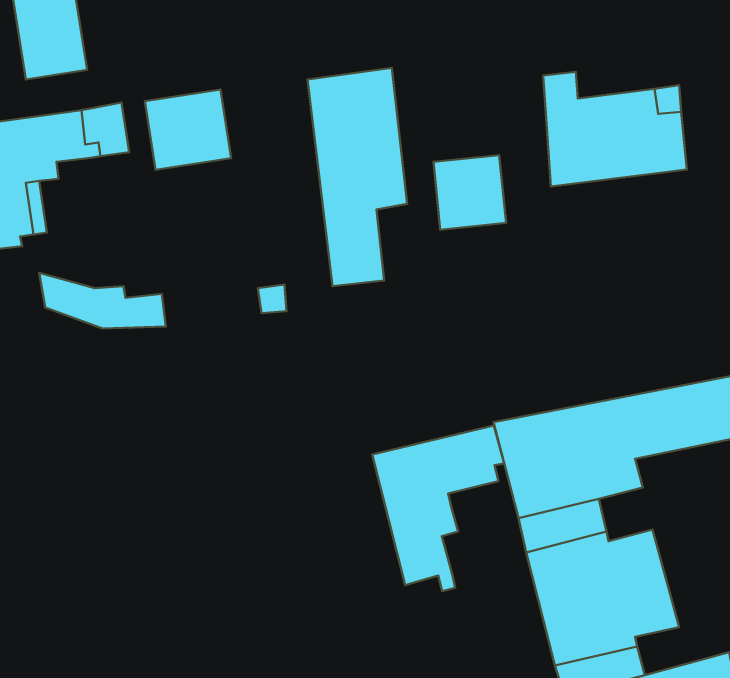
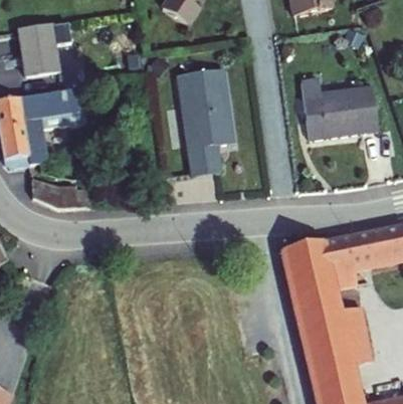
building: [145,89,231,170] -> none
building: [433,155,506,230] -> none
building: [372,426,504,591] -> none

